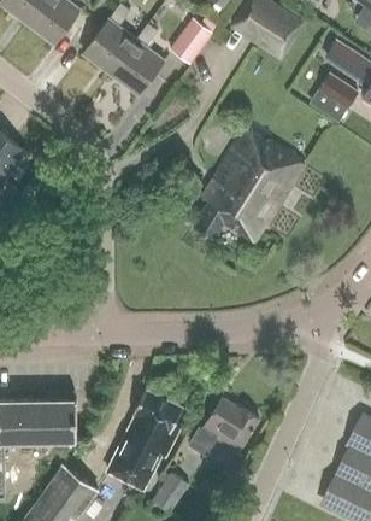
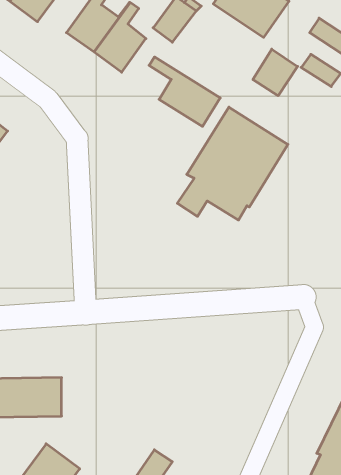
building: none -> [253,49,298,96]
building: none -> [149,57,220,126]
building: [105,390,183,490] -> none
building: [188,399,259,456] -> none

